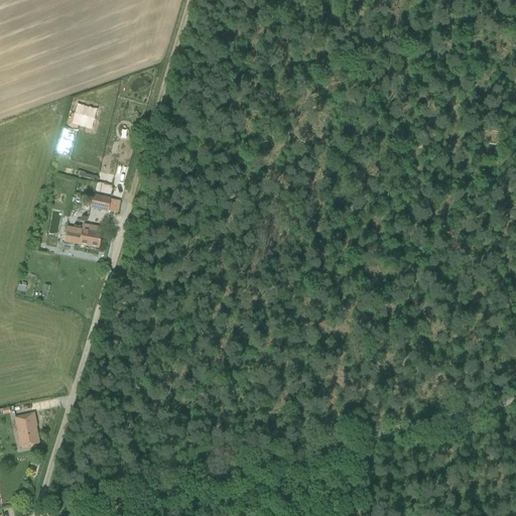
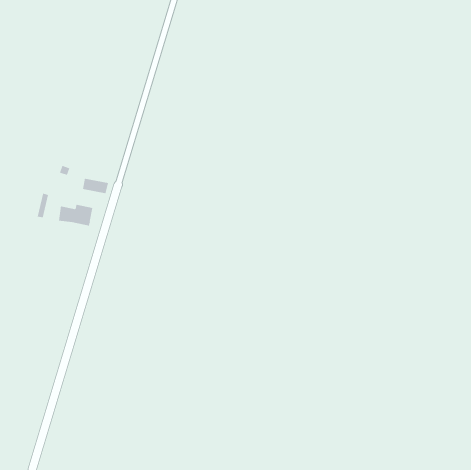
building: [14,412,38,446] -> none

